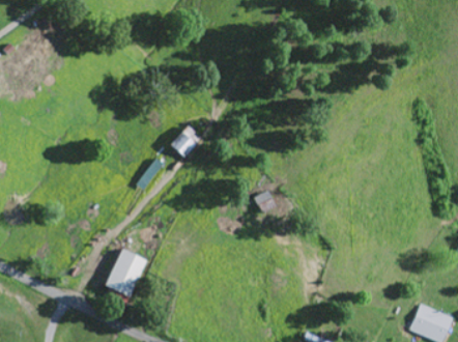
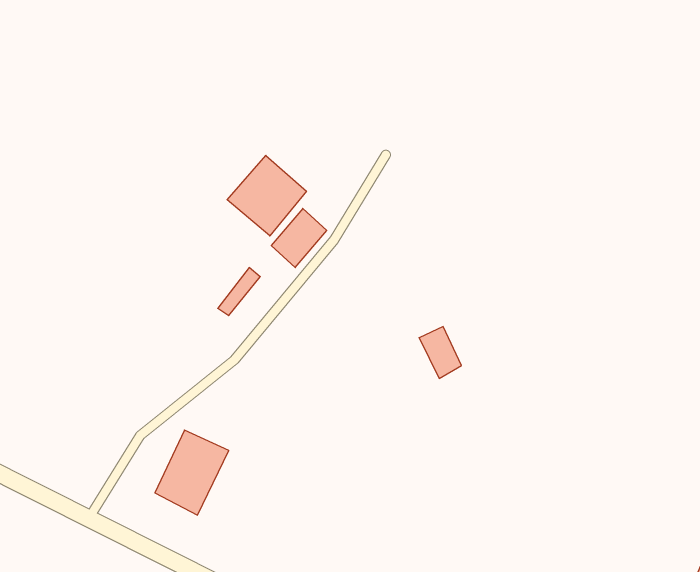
building: none -> [227,155,306,236]

